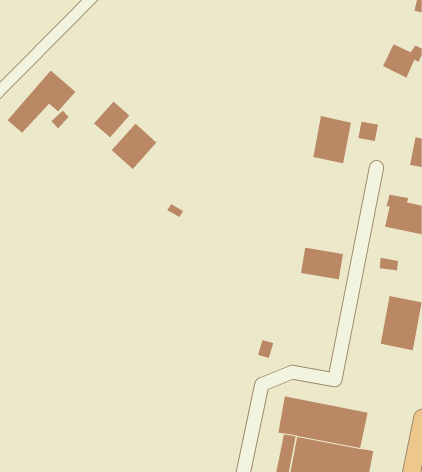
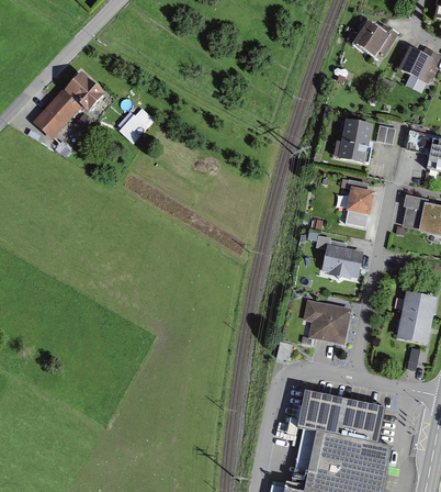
building: none -> [353,21,400,57]
building: [111,123,157,170] -> none
building: none -> [341,186,372,214]
building: none -> [302,300,354,344]

